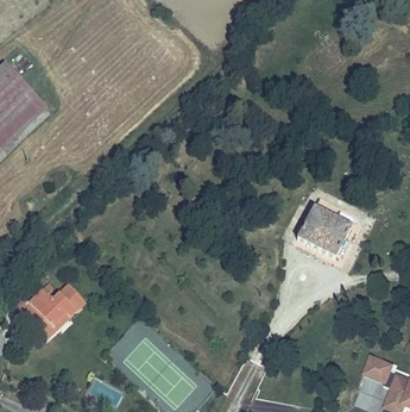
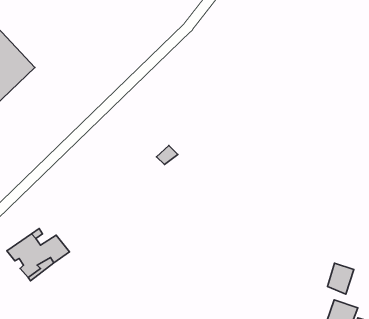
building: [296,206,353,258] -> none
building: none -> [327,263,354,294]

